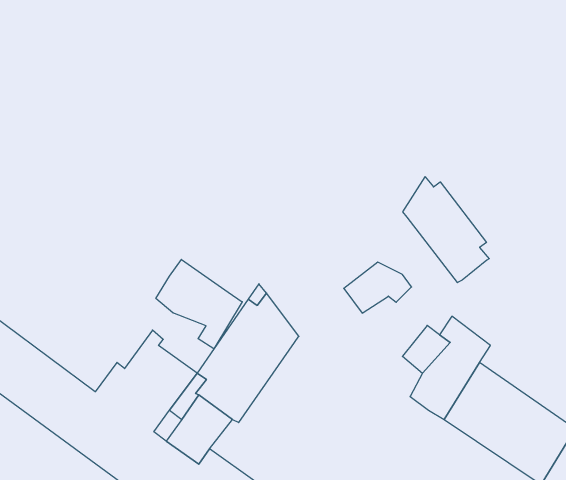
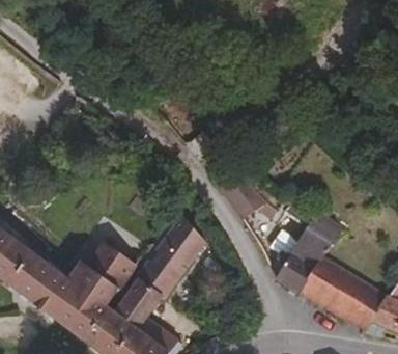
building: [403,177,489,283] -> none
building: [156,259,242,349] -> none

